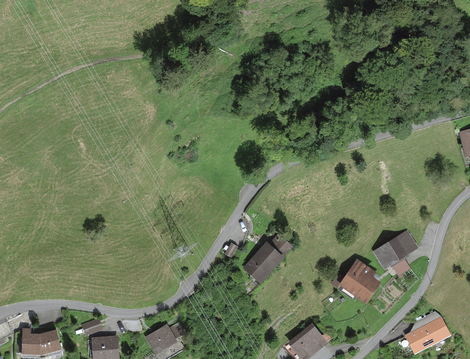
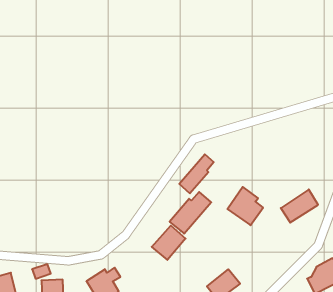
building: none -> [179,154,214,193]
building: [339,259,381,304] -> [227,187,263,225]
building: none -> [152,226,186,260]

